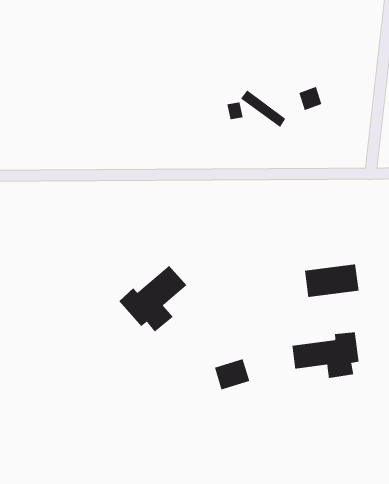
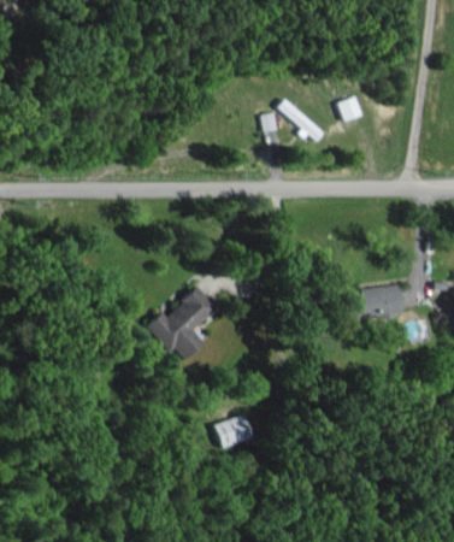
building: [292,332,359,379] -> none
building: [214,359,250,390] -> [214,414,253,448]

